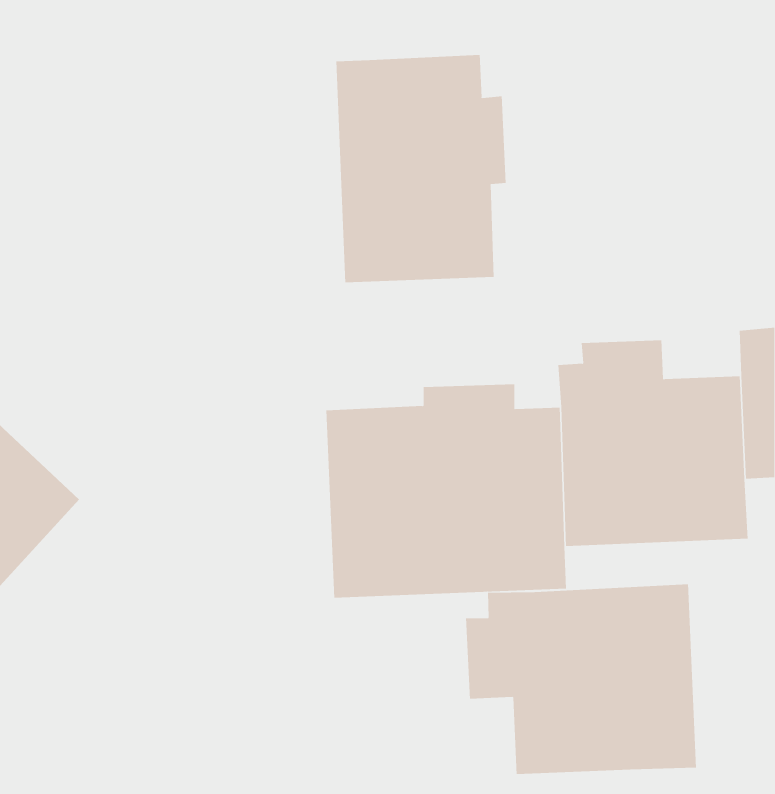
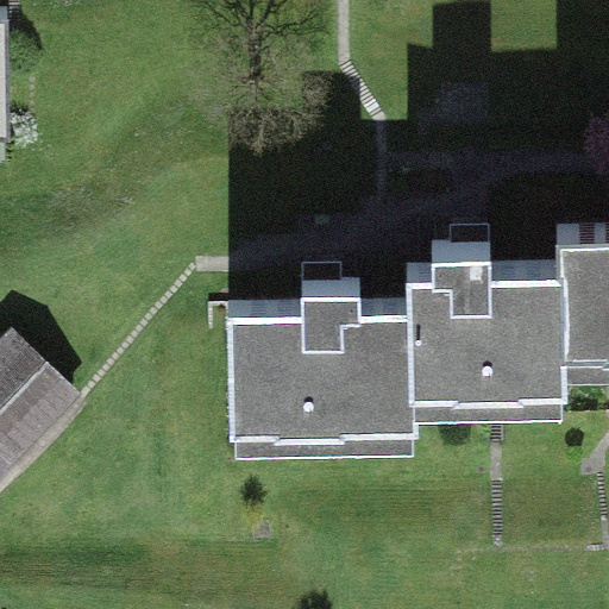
building: [336,54,506,283] -> none
building: [465,583,697,775] -> none

